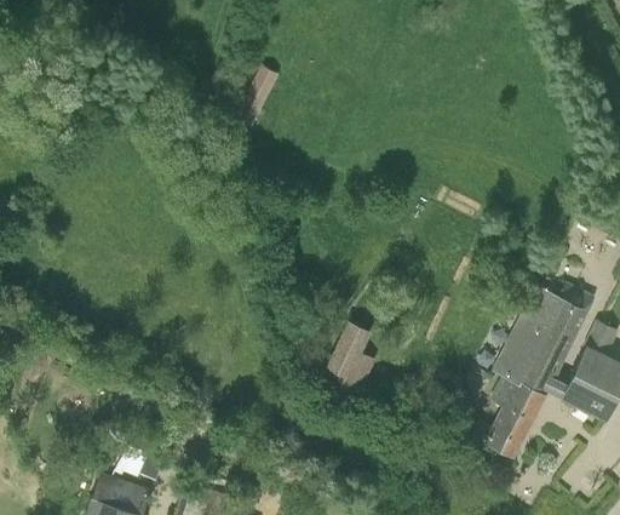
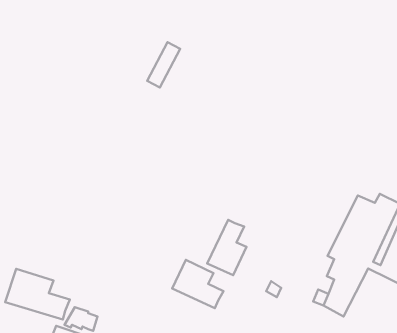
building: none -> [172,260,224,308]
building: none -> [5,269,70,320]

